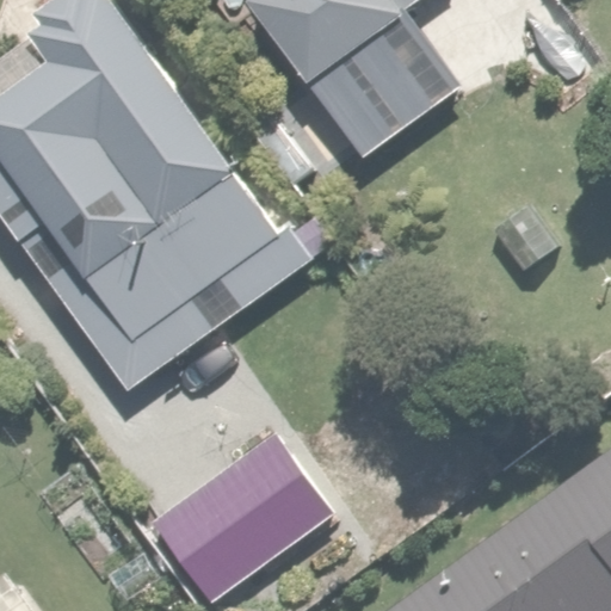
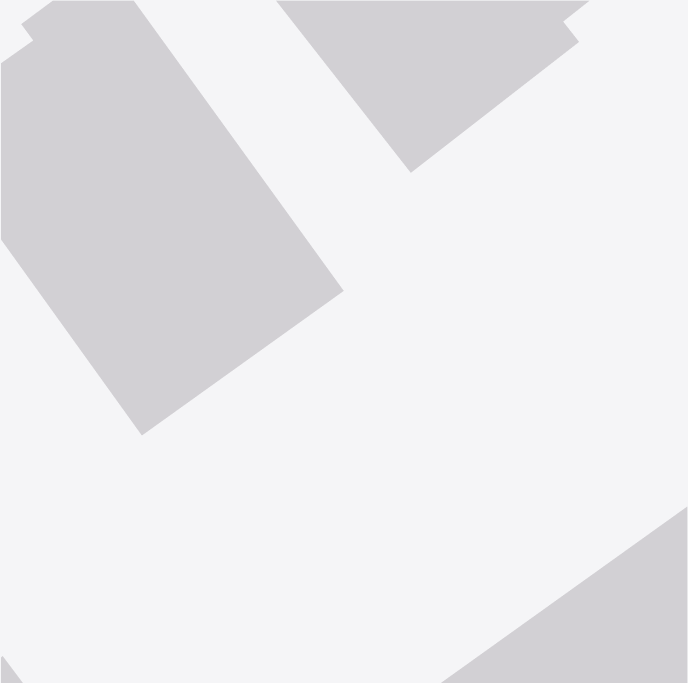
building: [161,438,325,594] -> none

